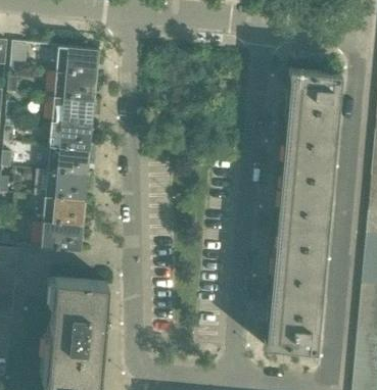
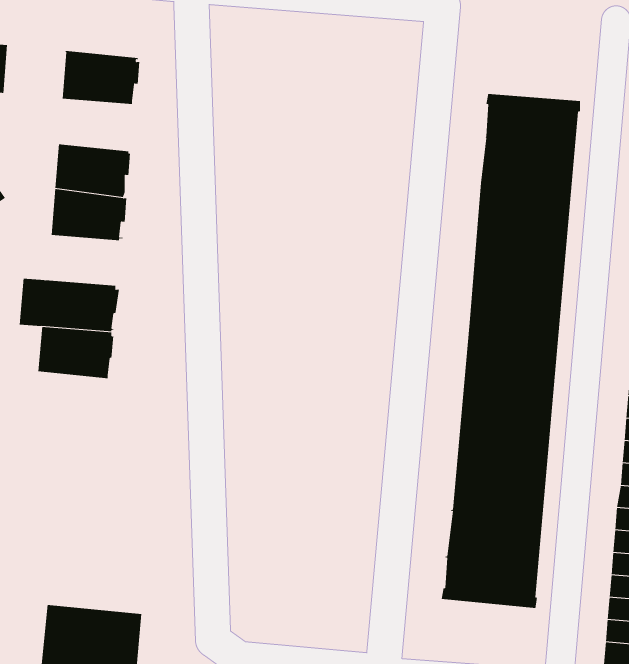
building: [55,74,97,102] -> none
building: [48,148,91,176] -> none
building: [41,223,84,252] -> none
building: [49,279,107,355] -> none

